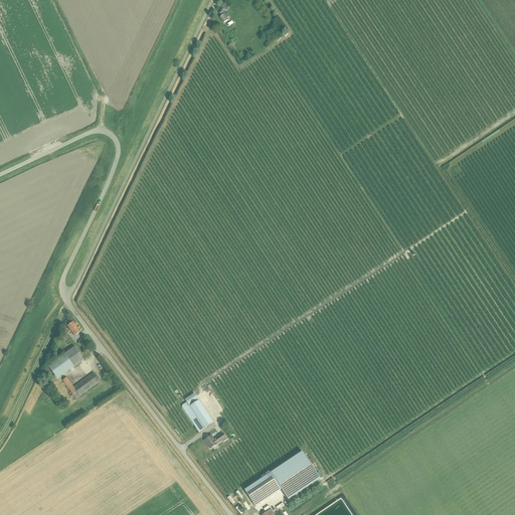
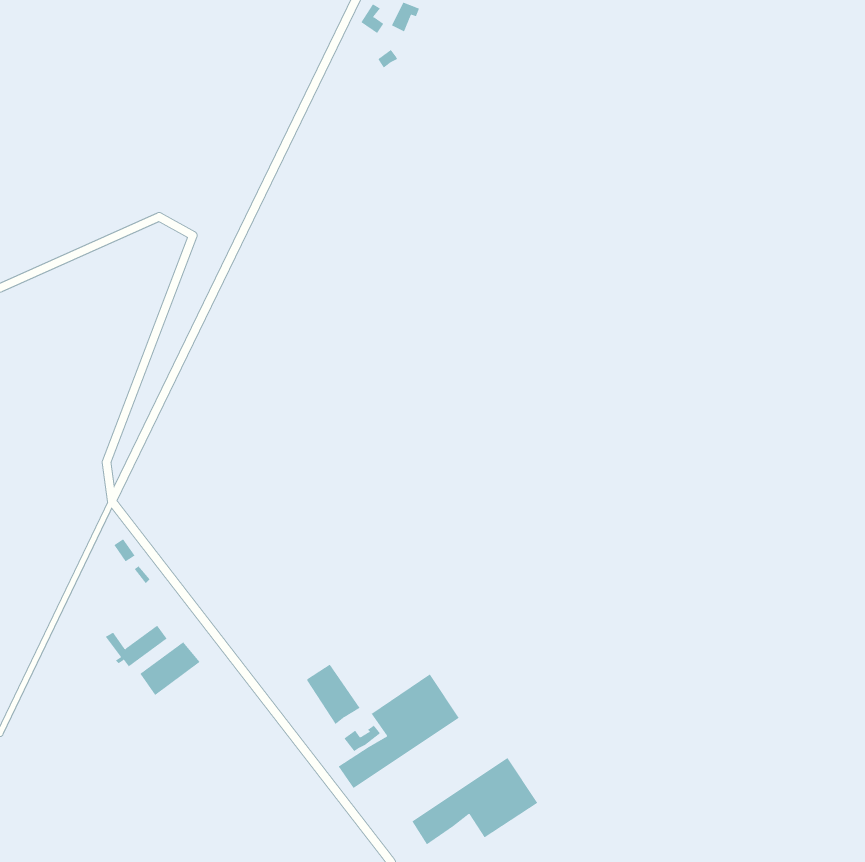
building: [48,345,84,377] -> [140,642,200,696]
building: none -> [338,674,459,789]

